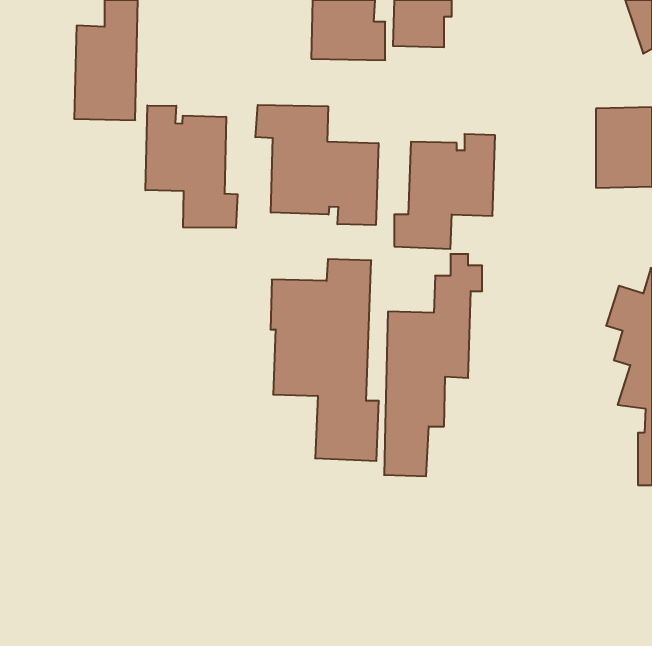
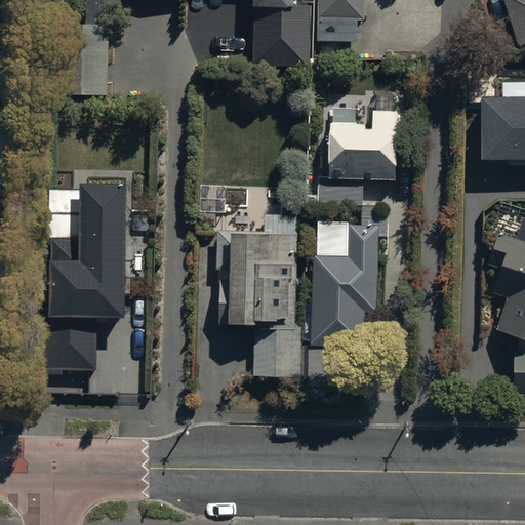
building: [255,105,378,225] -> none
building: [145,105,238,228] -> none
building: none -> [48,181,126,371]

